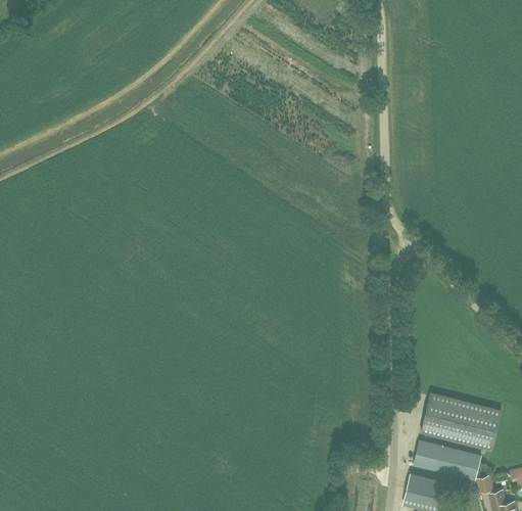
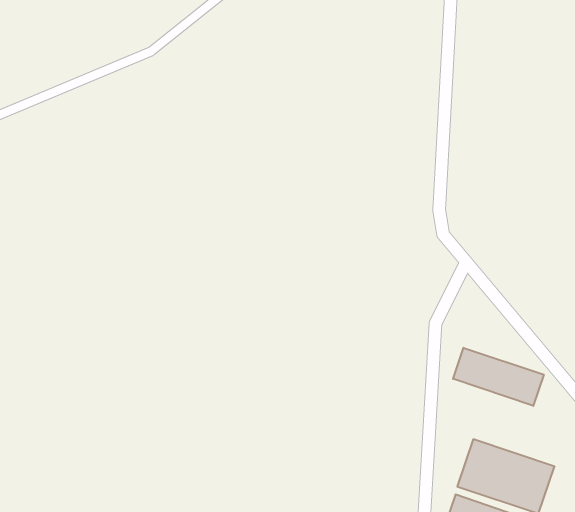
building: none -> [453,348,544,406]

